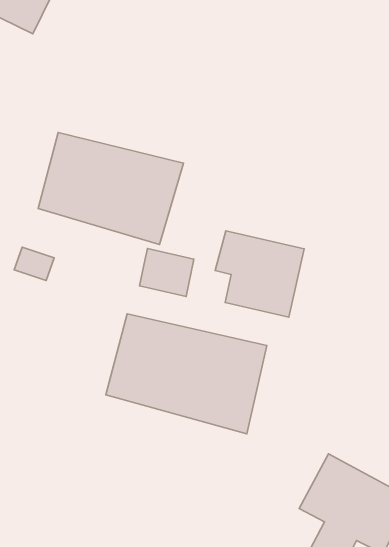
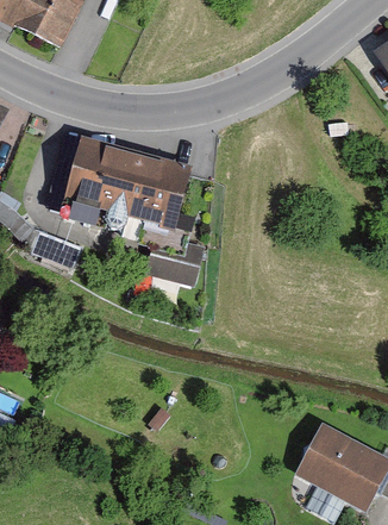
building: [215,231,304,317] -> none
building: [106,314,267,434] -> none

